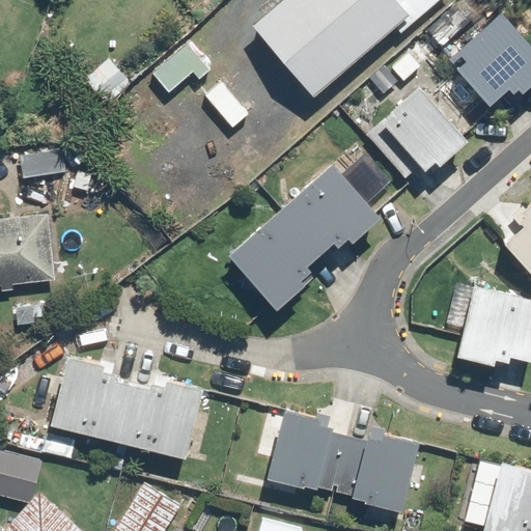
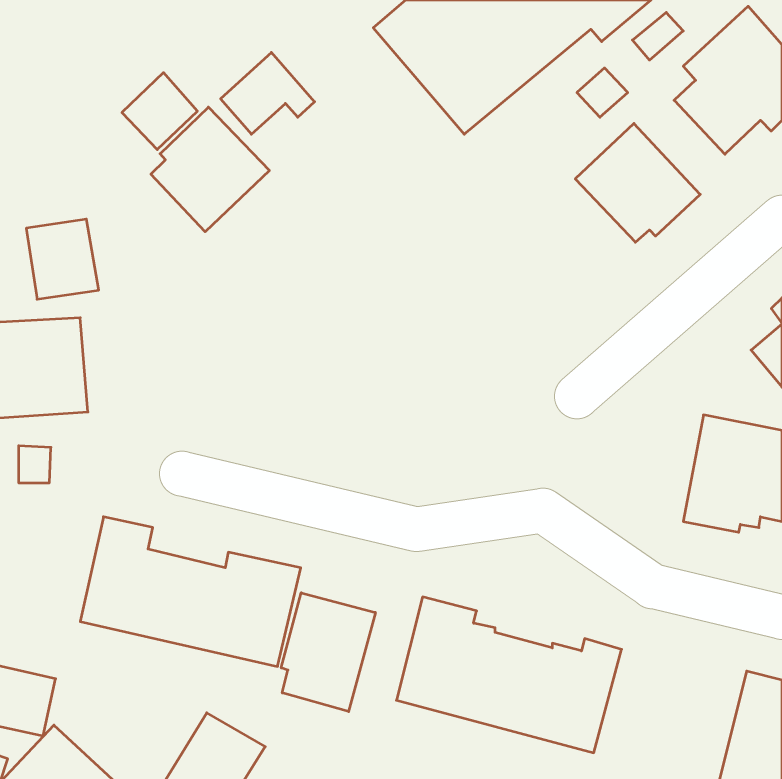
building: none -> [151,107,269,232]
building: [229,162,383,309] -> none
building: none -> [281,593,375,712]

